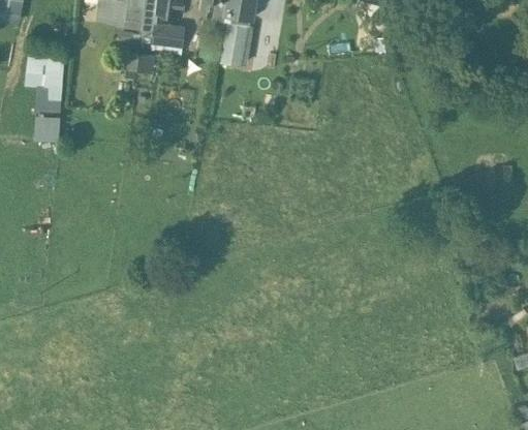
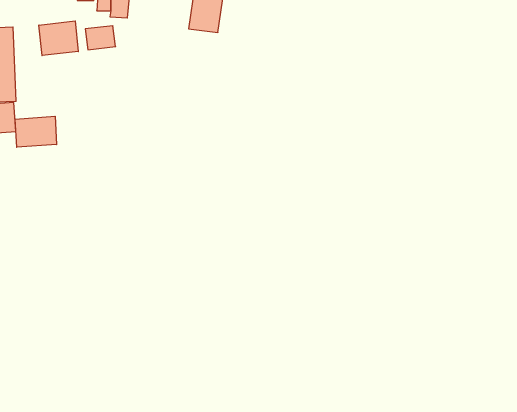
building: none -> [39,21,78,56]
building: none -> [15,116,57,147]

